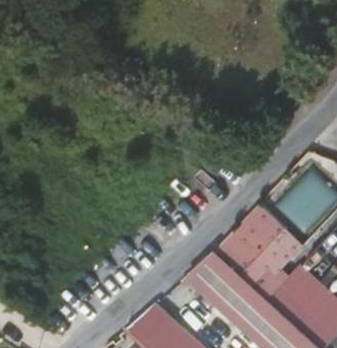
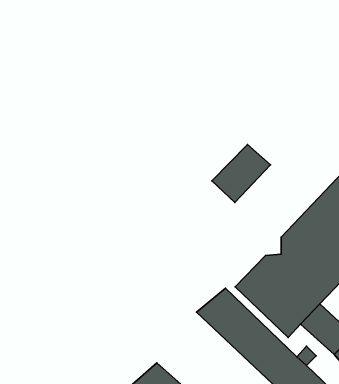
building: none -> [212,145,270,203]

